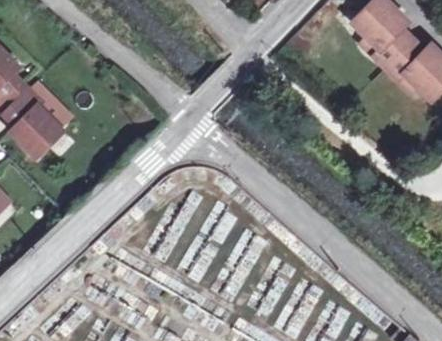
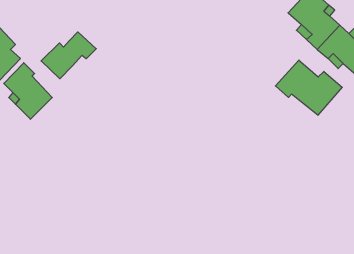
building: none -> [41,32,96,79]
building: none -> [275,60,342,115]

